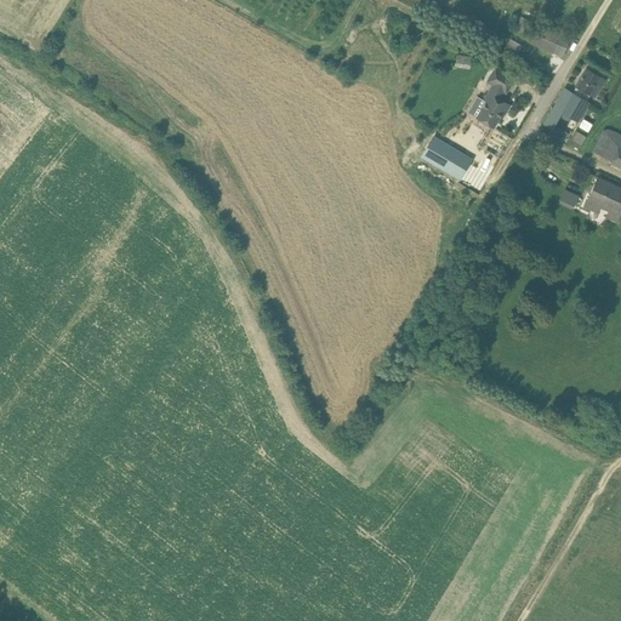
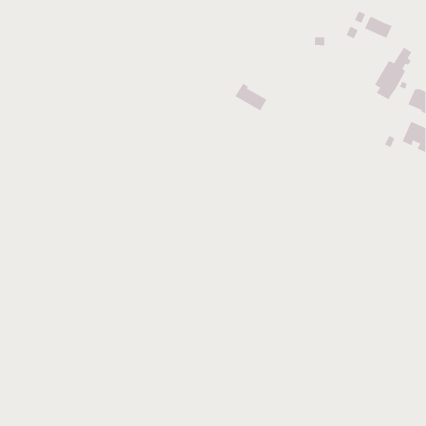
building: [477,67,514,126] -> none
building: [422,136,469,177] -> [235,83,267,111]

